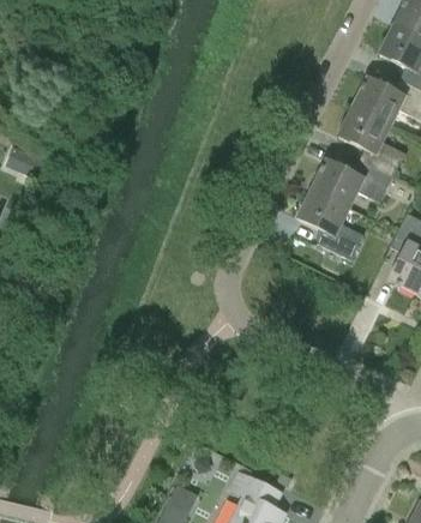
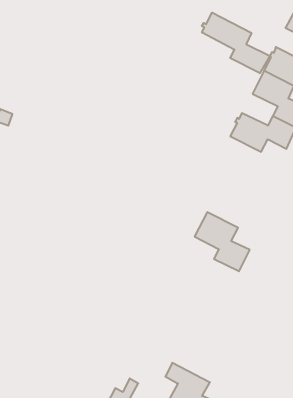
building: none -> [202,13,270,73]
building: [295,187,363,260] -> [195,212,250,271]

